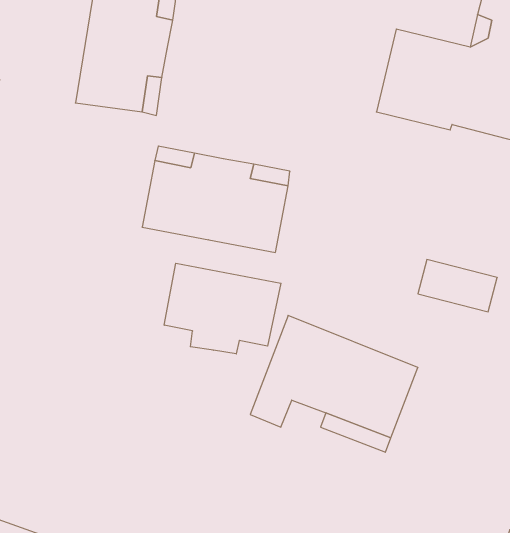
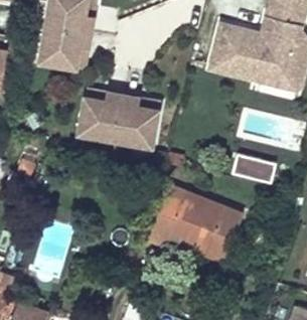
building: [164,263,281,354] -> none

